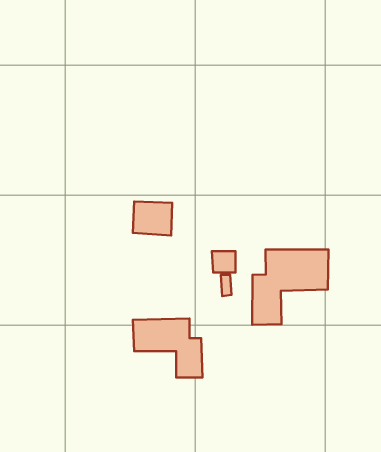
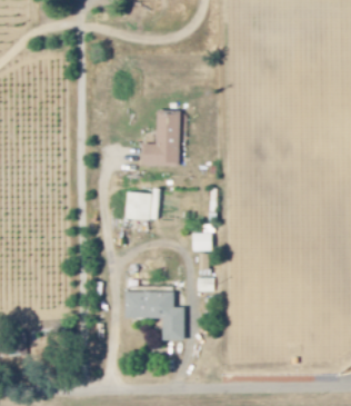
building: none -> [141,109,179,165]
building: [252,250,329,325] -> none

